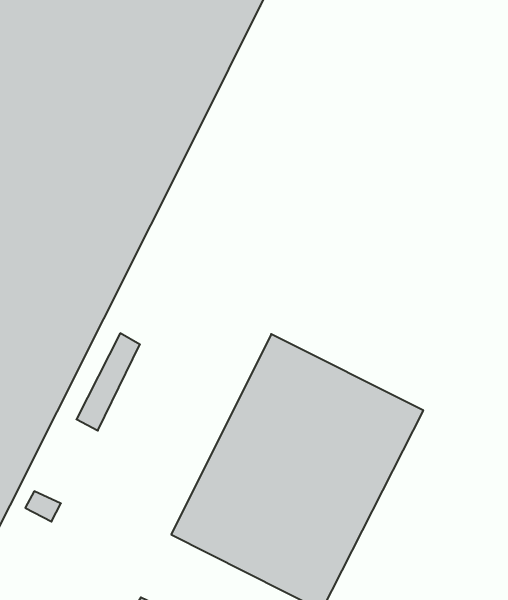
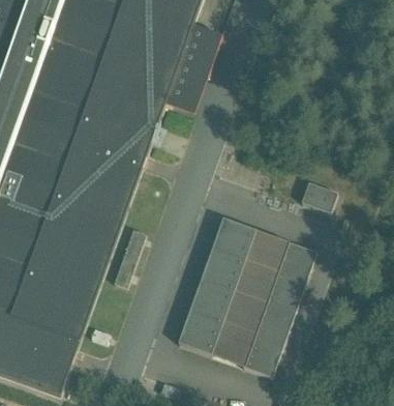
building: none -> [298,180,335,211]

